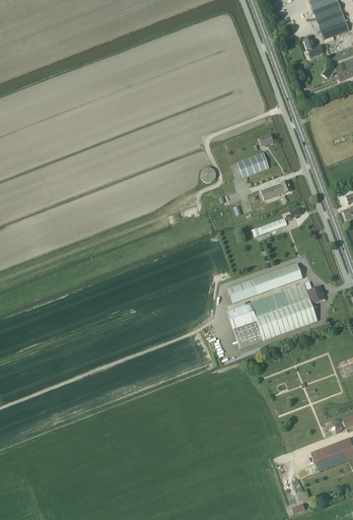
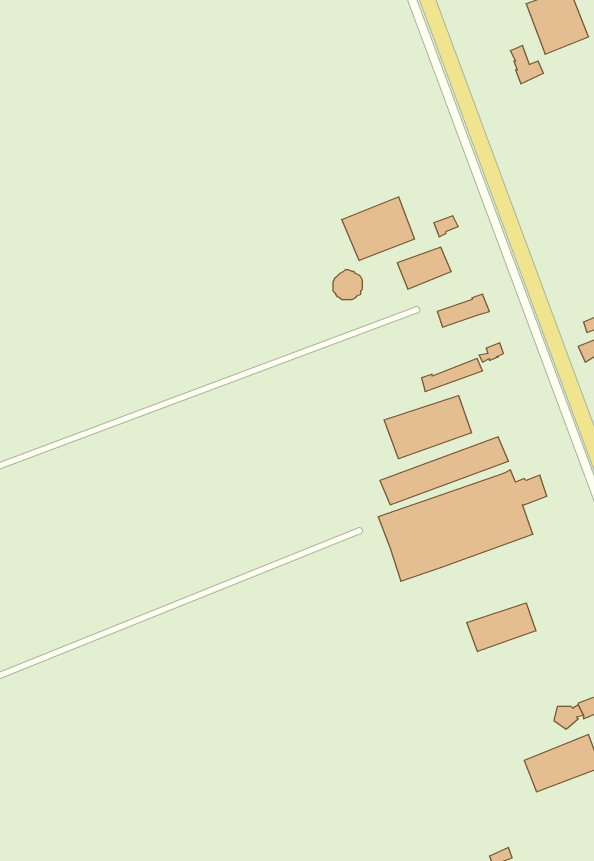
building: none -> [342,197,415,261]
building: none -> [384,396,471,459]
building: none -> [467,603,536,652]

